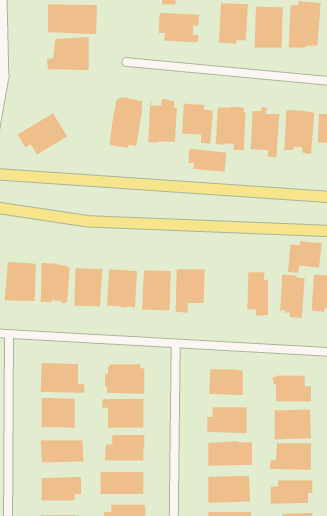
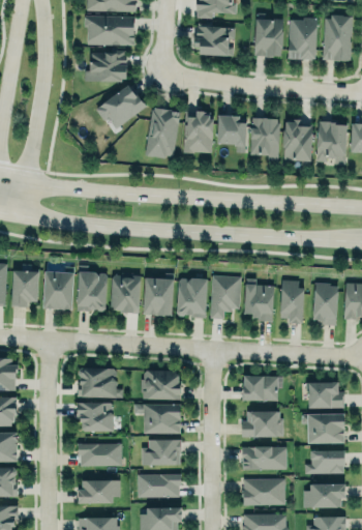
building: [17,112,68,156] -> [94,86,145,128]
building: [188,148,227,172] -> none
building: [288,240,322,273] -> none
building: none -> [244,277,273,321]

